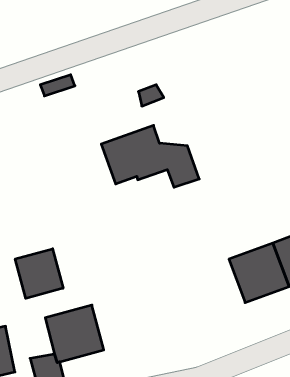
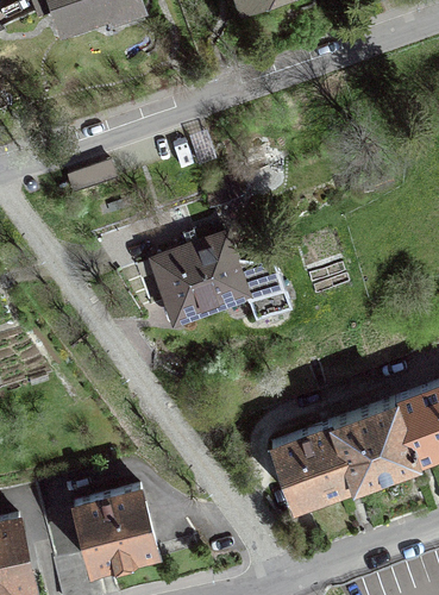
building: [15,249,63,298] -> none
building: none -> [270,421,355,505]

